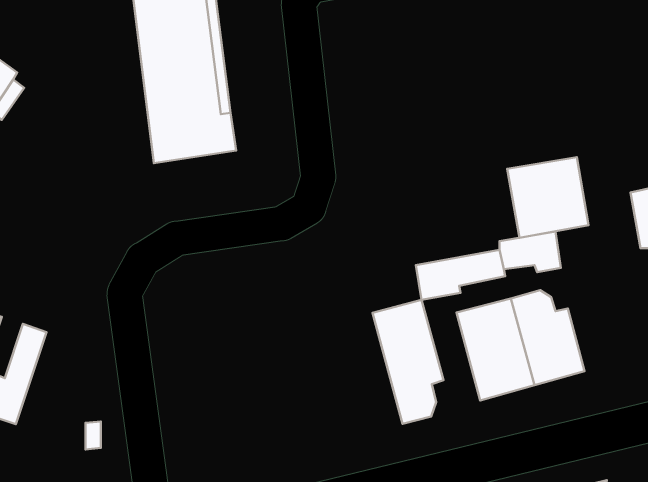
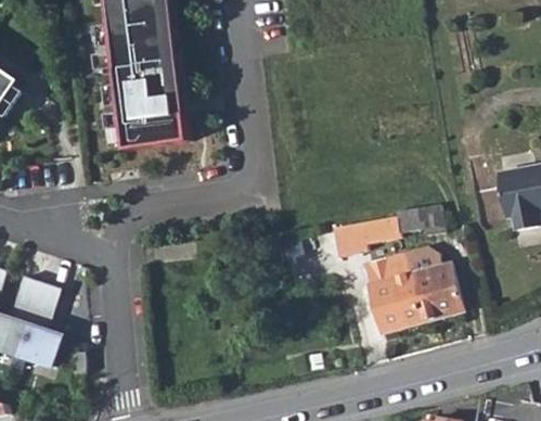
building: [507,157,588,238] -> none
building: [373,300,444,424] -> none
building: none -> [17,282,64,366]

